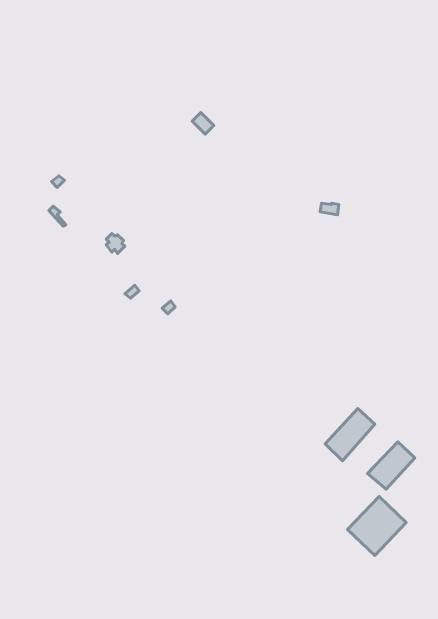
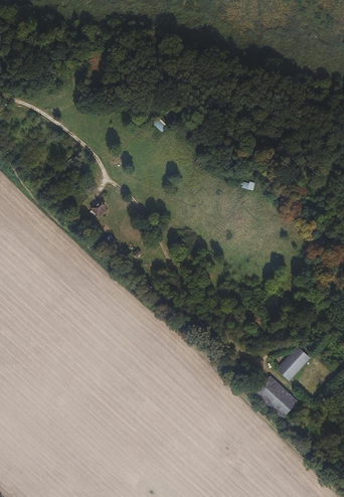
building: [325,409,375,461] -> none

